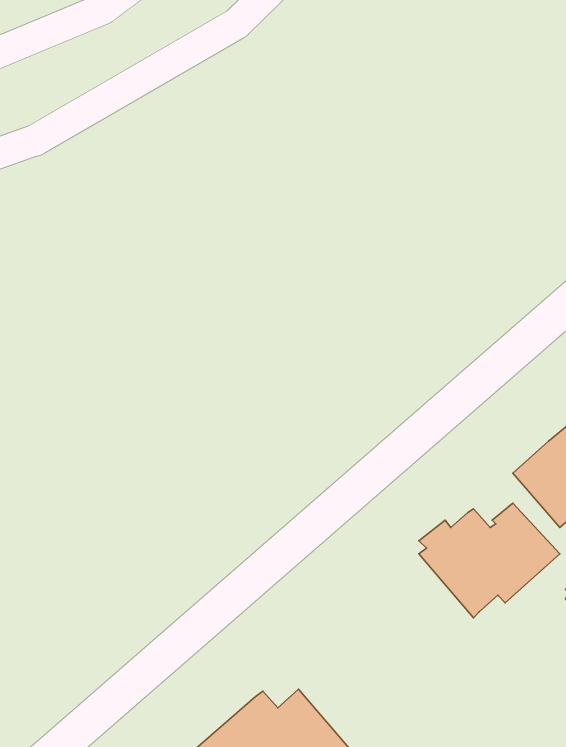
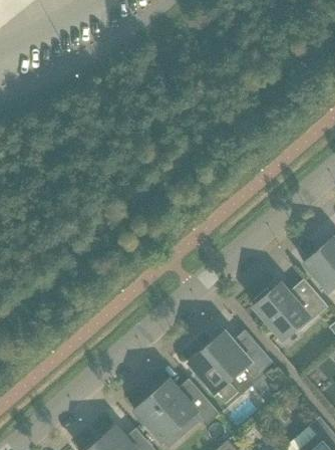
building: none -> [188,329,272,403]

